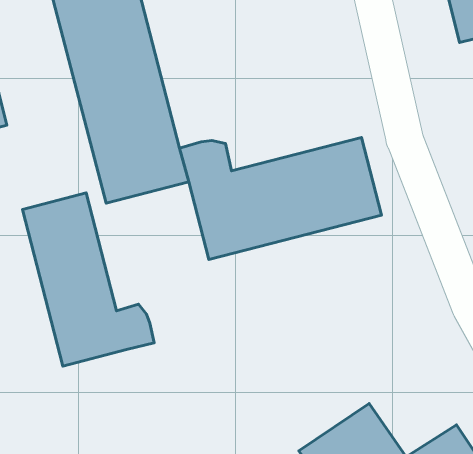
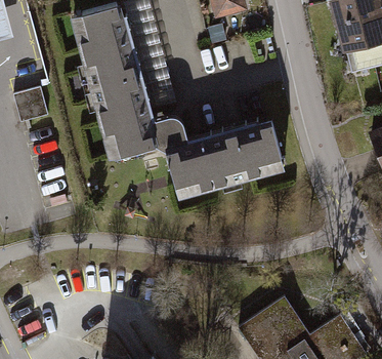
building: [23,193,154,366] -> none

